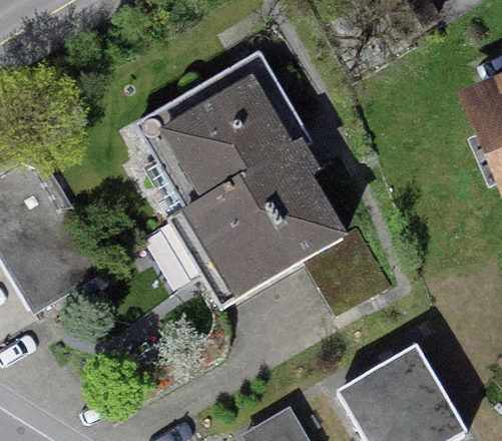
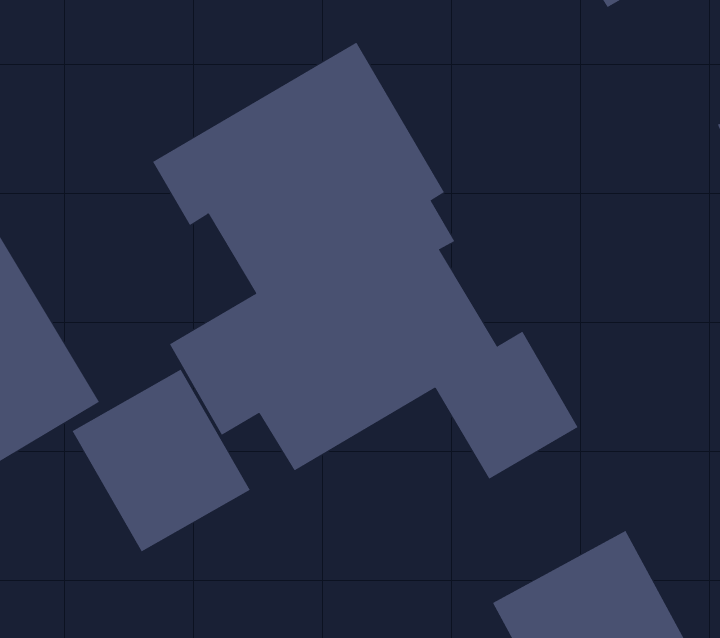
building: none -> [72,369,251,552]

